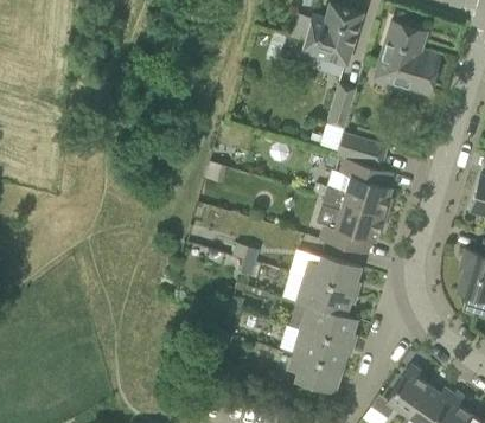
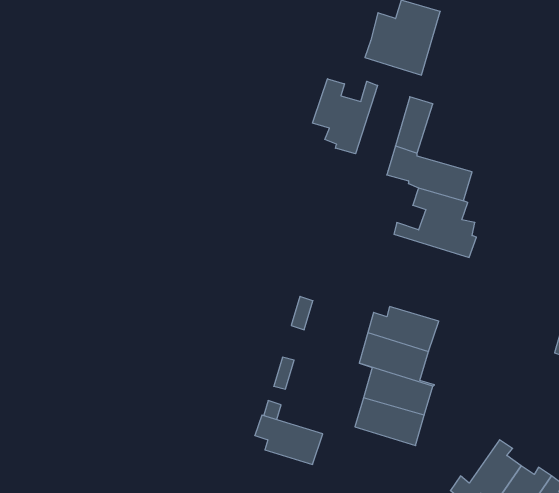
building: [375,21,441,95] -> none
building: none -> [313,79,378,154]
building: [319,197,387,252] -> none
building: [287,354,343,395] -> [255,415,323,464]

